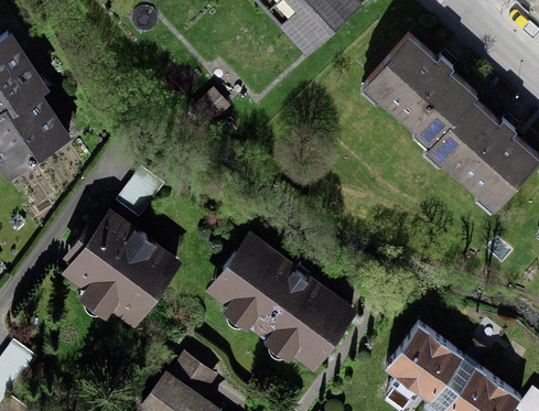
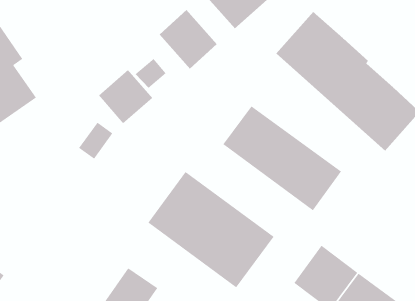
building: none -> [159,9,218,69]
building: none -> [98,69,153,124]
building: none -> [222,106,342,211]
building: [61,210,181,328] -> none

